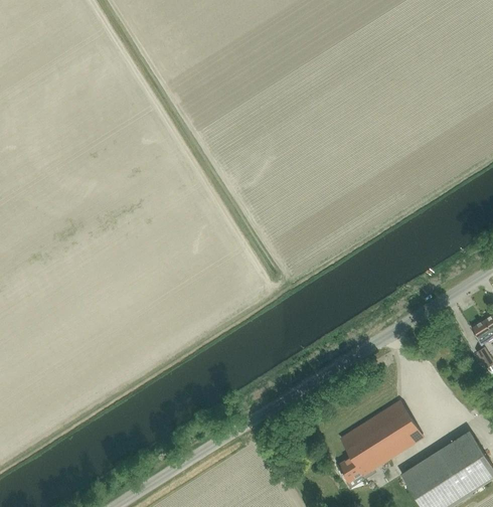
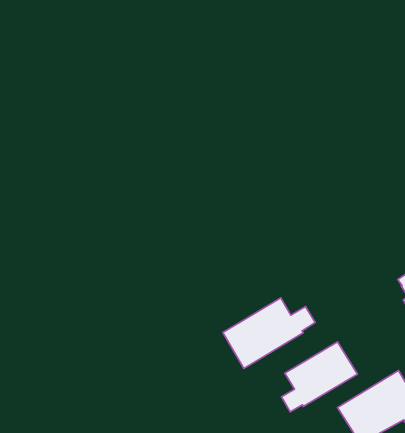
building: none -> [223,298,315,369]

